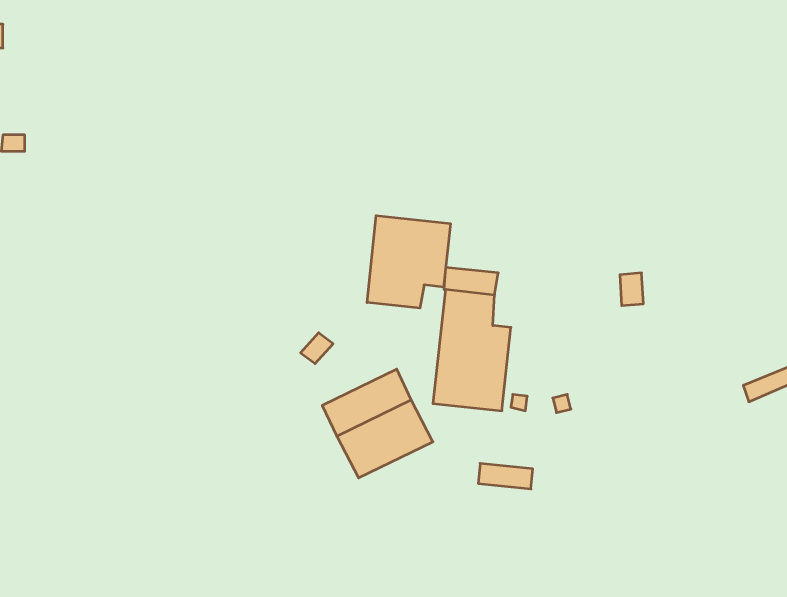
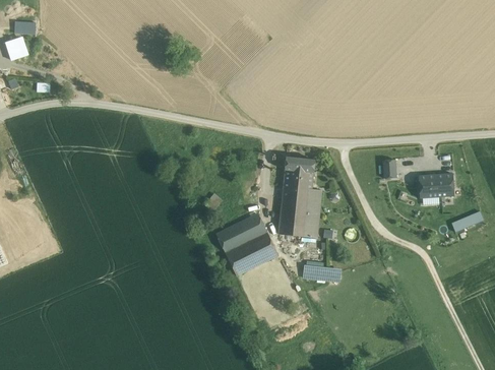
building: [367,216,450,308] -> none
building: none -> [419,173,454,197]

